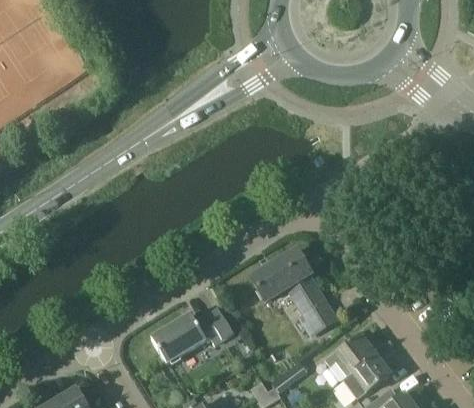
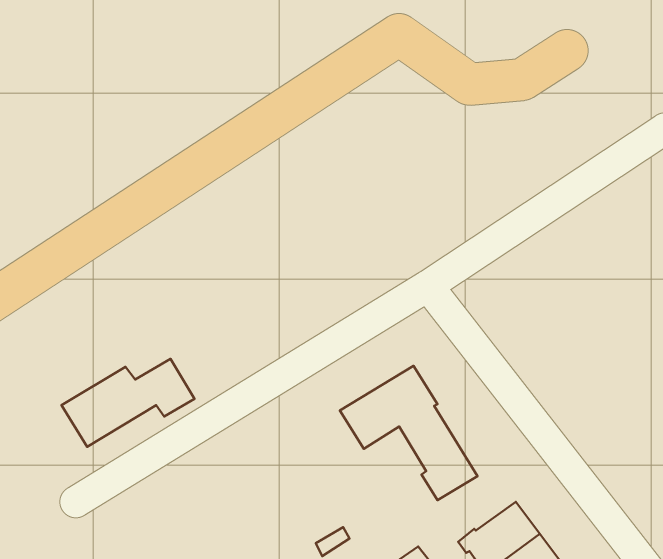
building: [150,308,233,363] -> [62,359,194,447]

